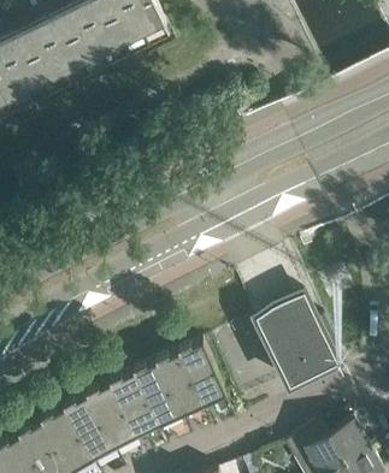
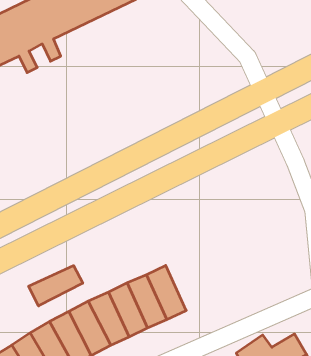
building: [253,292,337,385] -> none
building: none -> [29,266,83,306]

